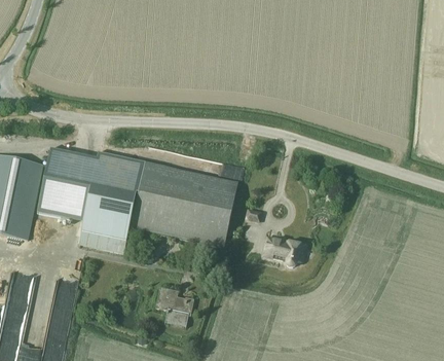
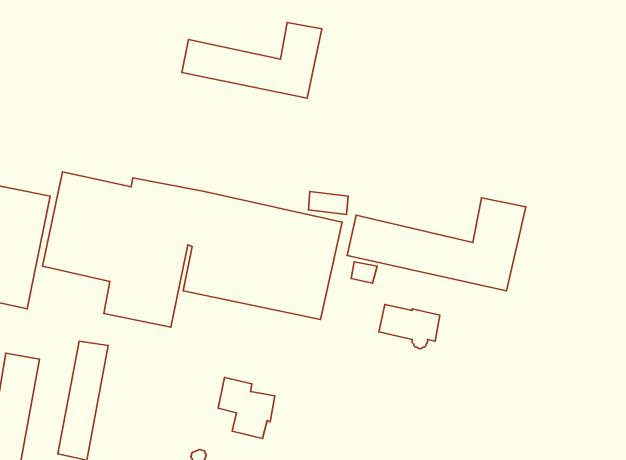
building: none -> [182,23,322,98]
building: none -> [347,198,526,291]

